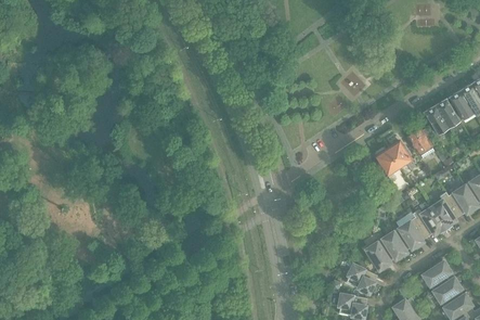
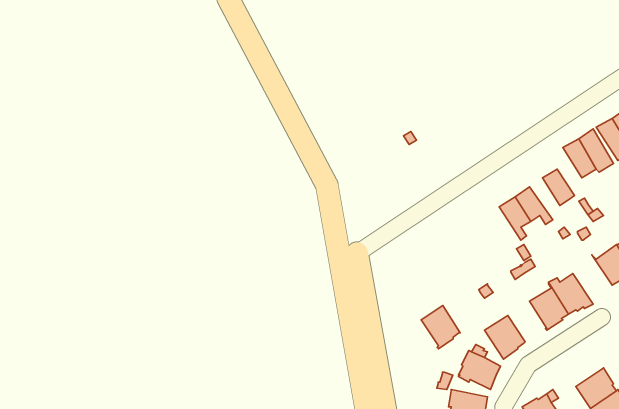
building: [431,192,460,229] -> none
building: [382,227,412,259] -> [421,305,460,349]
building: [423,260,453,291] -> none

